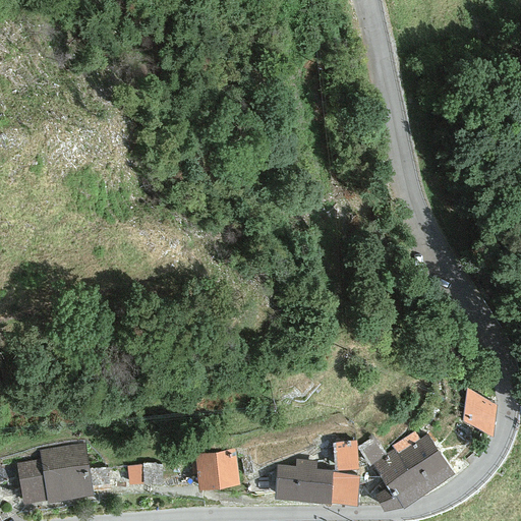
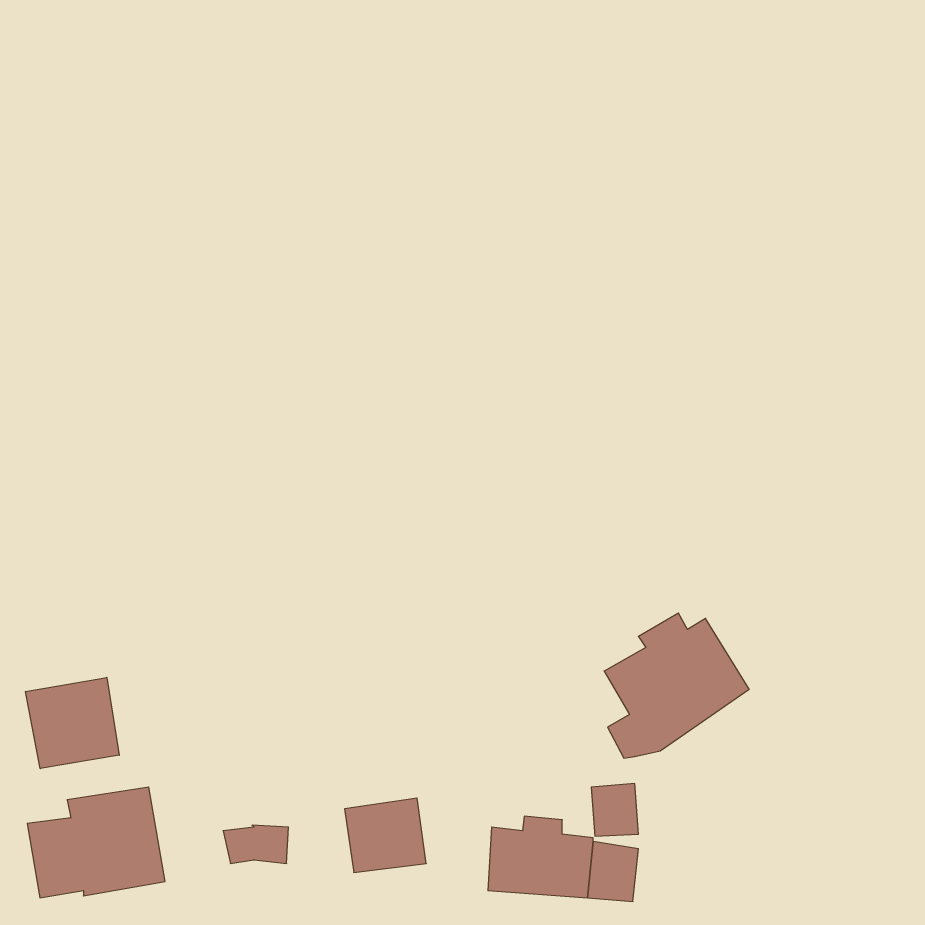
building: none -> [26,677,119,769]
building: [463,388,497,437] -> none
building: [372,430,454,512] -> [604,613,749,758]

